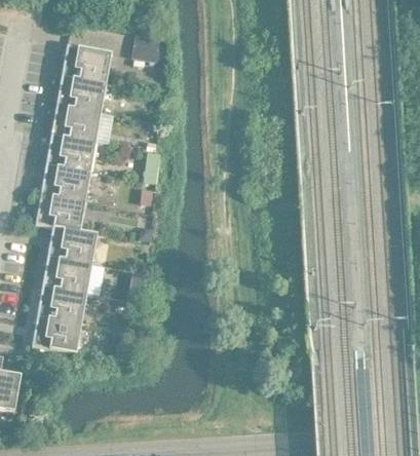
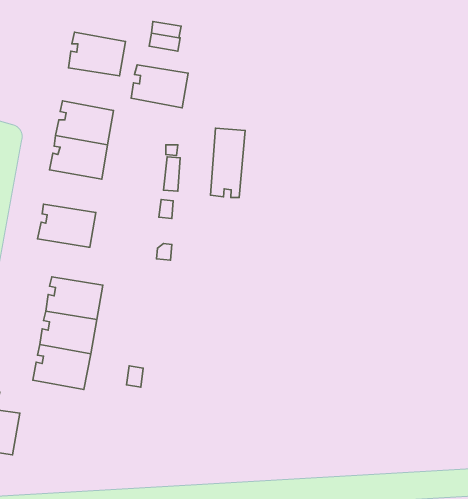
building: [56,75,106,112] -> [131,65,188,108]
building: none -> [210,128,245,198]
building: [40,163,90,200] -> none
building: [47,226,97,263] -> none

